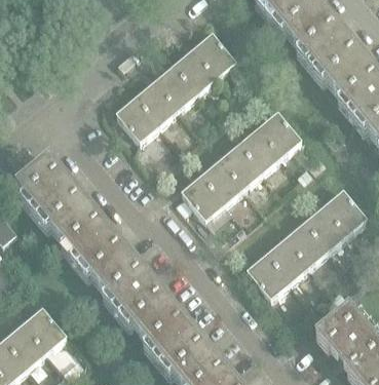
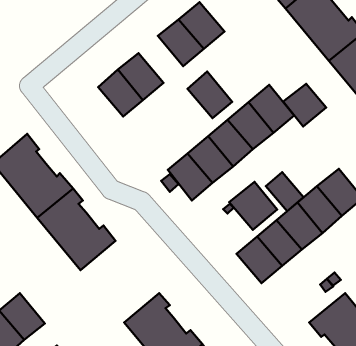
building: [156,64,198,108] -> [188,71,232,118]
building: none -> [283,84,326,127]
building: none -> [266,172,303,211]
building: none -> [229,182,277,230]
building: [102,257,176,334] -> none

